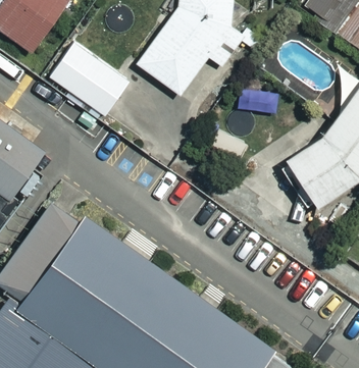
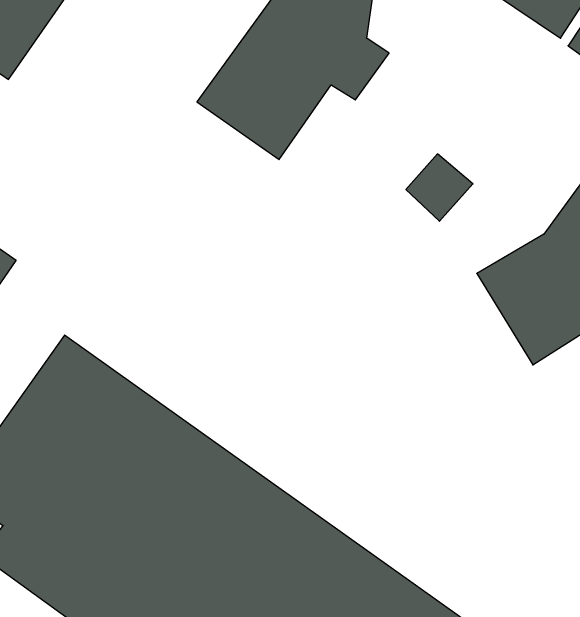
building: [51,44,131,116] -> none

